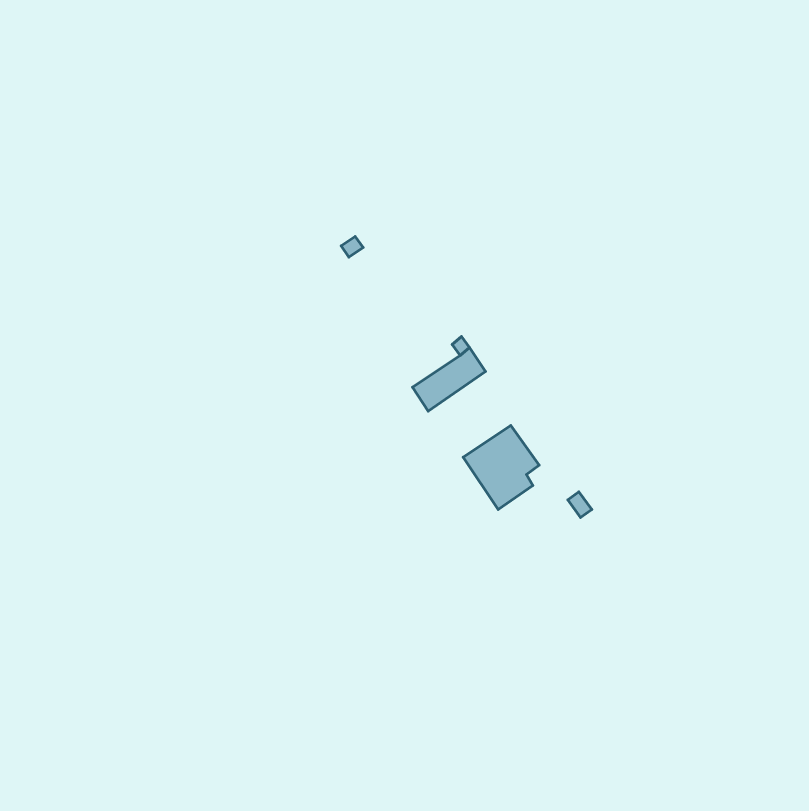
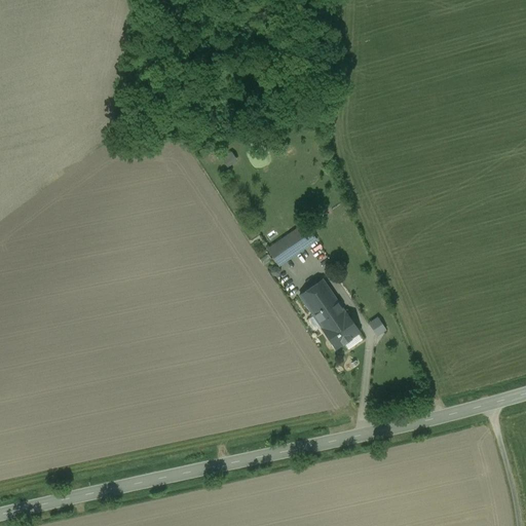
building: none -> [323,314,359,348]

